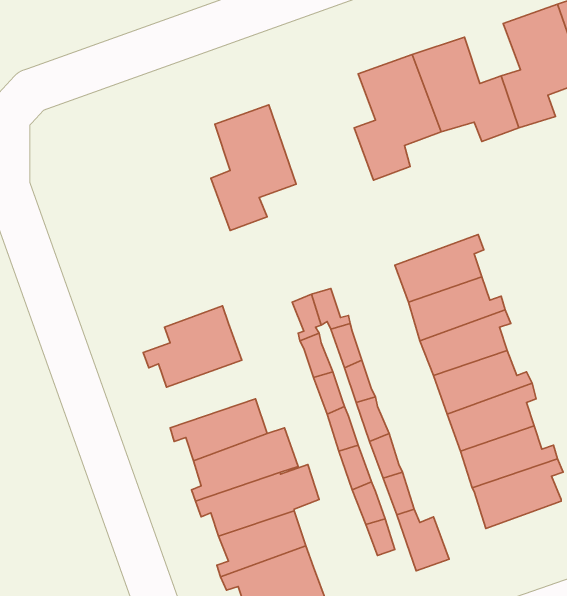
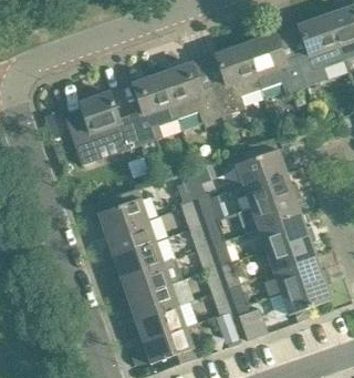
building: none -> [164,62,223,123]
building: none -> [65,92,142,165]
building: none -> [104,218,156,257]

